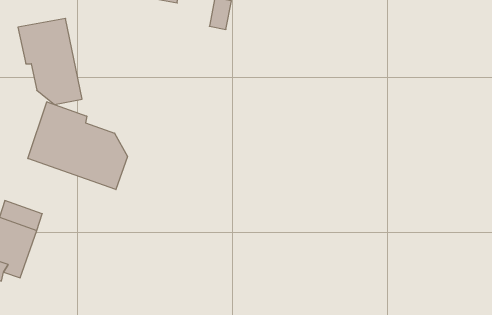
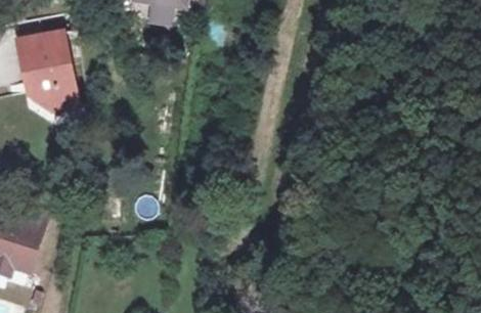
building: [28,102,127,190] -> none

